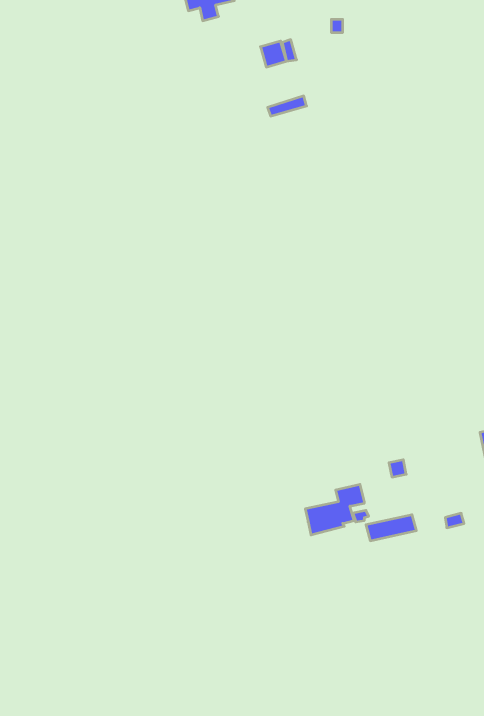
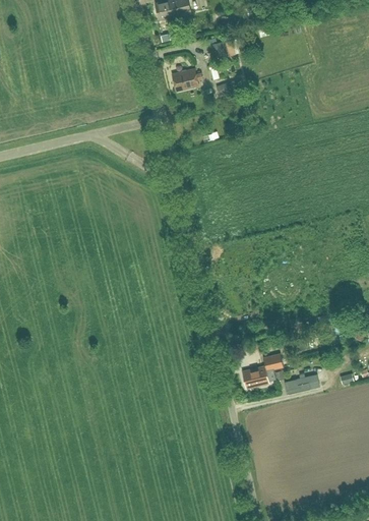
building: none -> [173,68,199,91]

